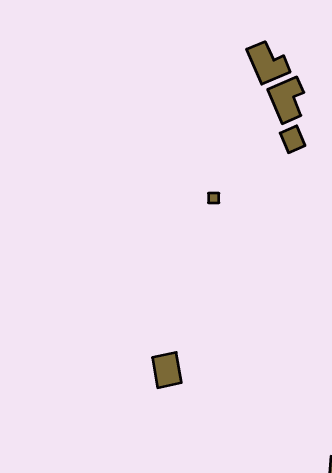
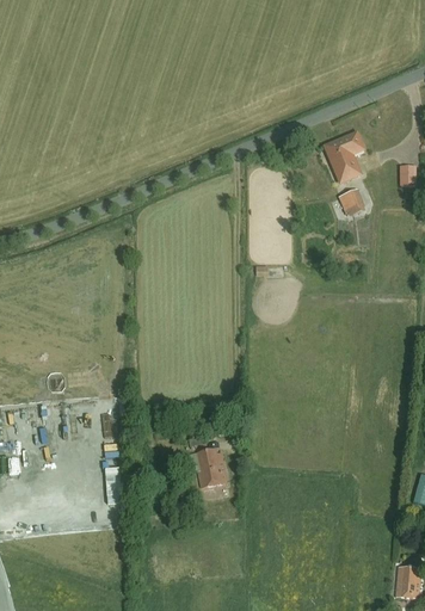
building: [247,42,290,84] -> none

